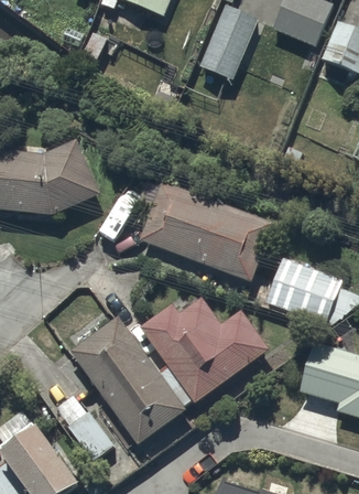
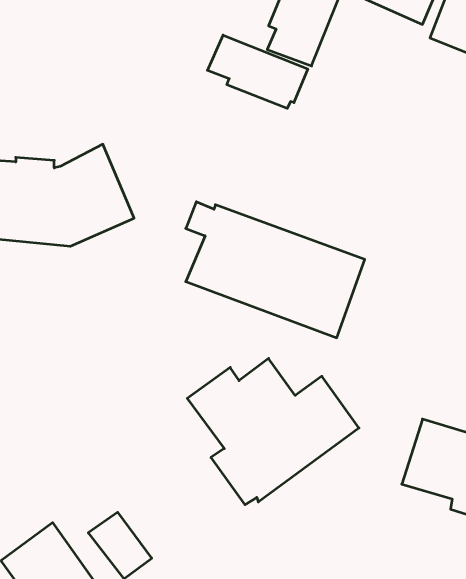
building: none -> [207,35,308,108]
building: [264,258,340,322] -> none
building: [69,316,185,443] -> none

